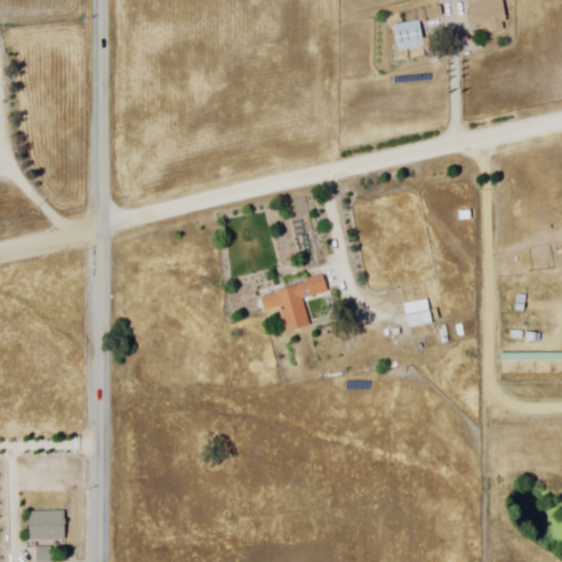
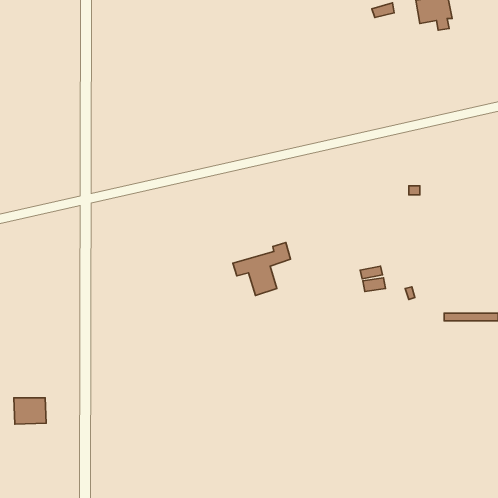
building: [393,19,424,53] -> none
building: [29,510,65,540] -> [14,398,46,424]

